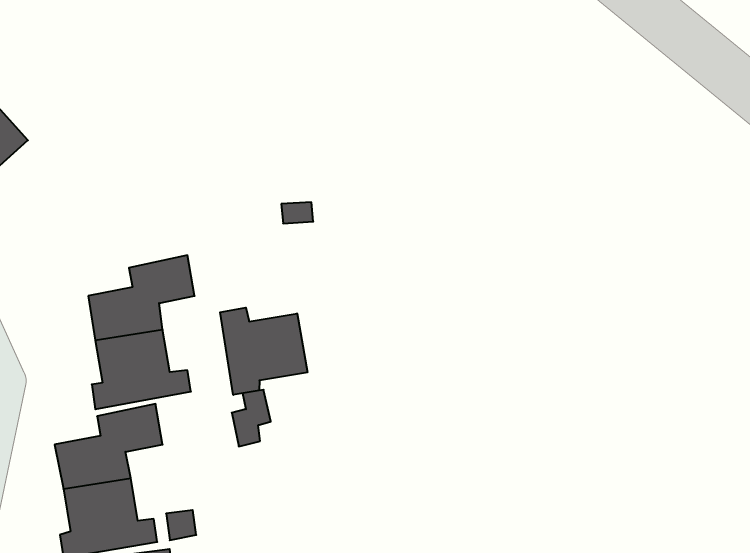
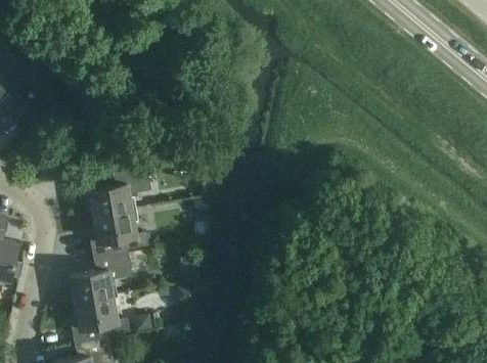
building: [220,308,307,395] -> none

